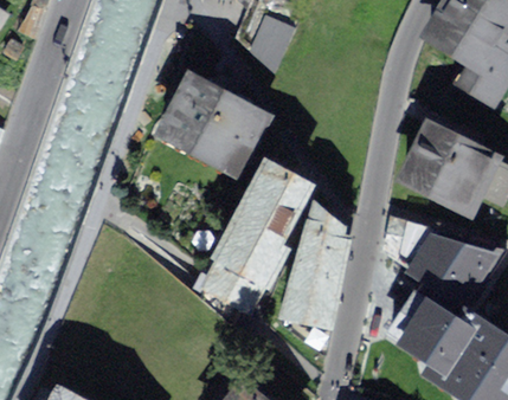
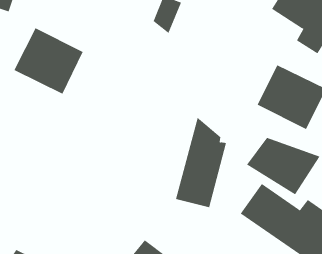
building: [161,73,264,172] -> [14,28,84,94]
building: [200,156,316,317] -> none

